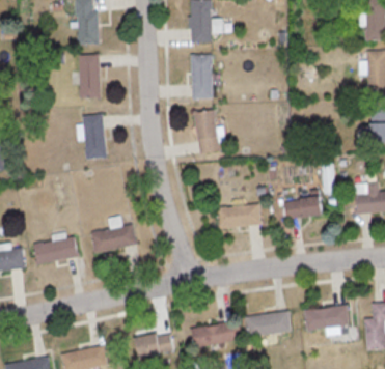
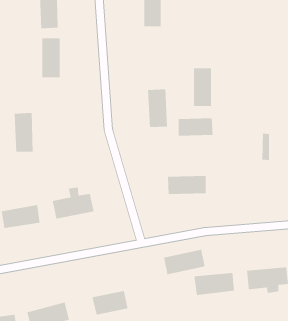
building: [191,55,212,98] -> [193,67,212,107]
building: [83,114,105,159] -> [14,112,33,153]
building: [283,197,323,218] -> [178,118,214,136]
building: [191,321,238,350] -> [163,249,206,275]

